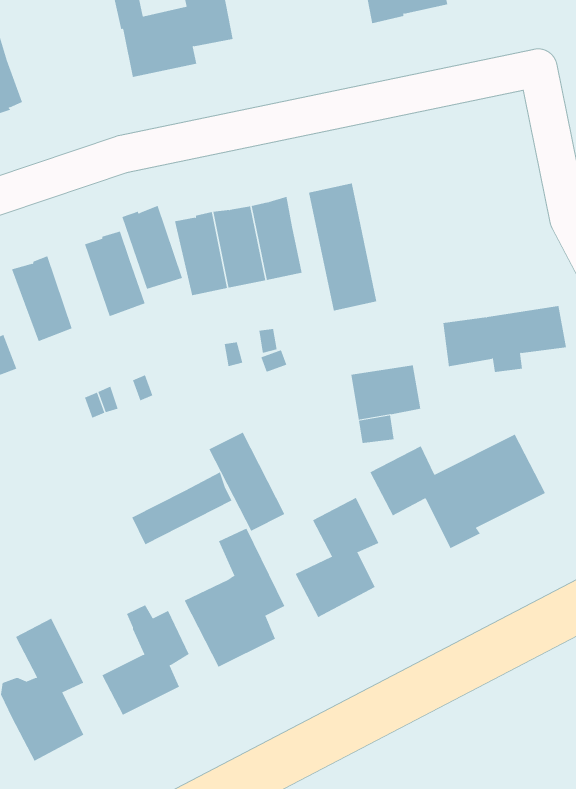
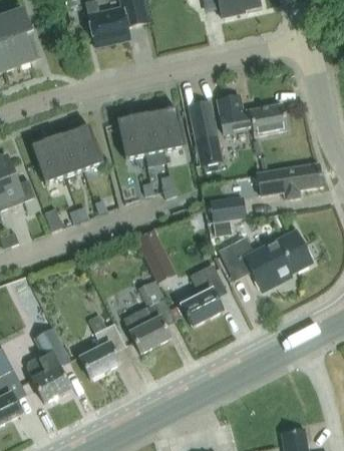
building: none -> [216,96,286,137]
building: [122,205,183,290] -> [51,131,83,175]
building: [131,472,232,545] -> none

